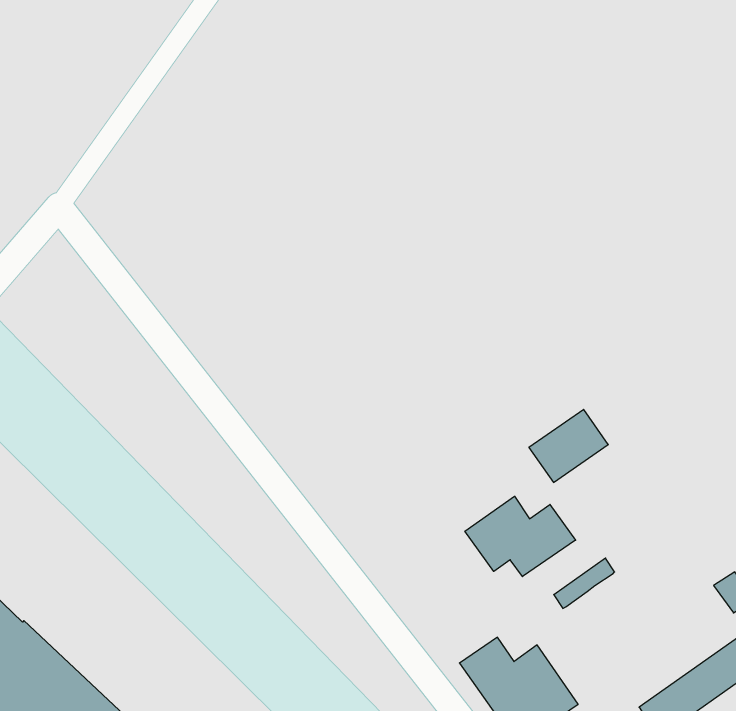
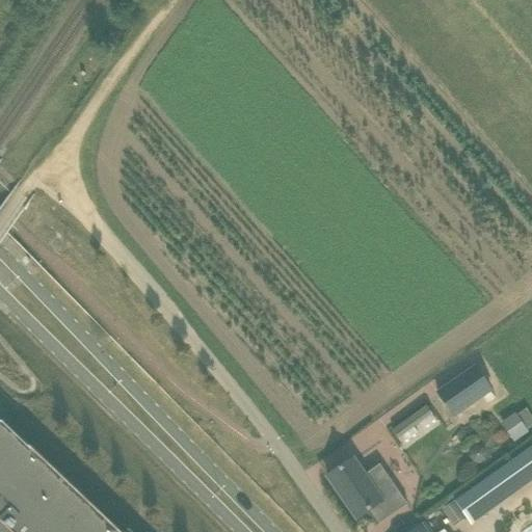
building: [529,409,608,482] -> [437,366,491,416]
building: [465,496,576,577] -> none

